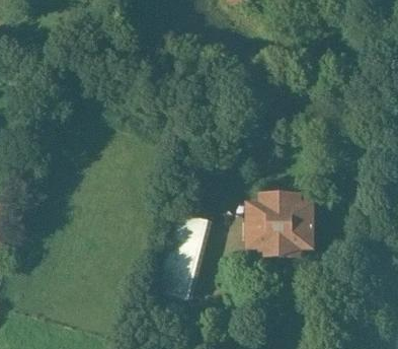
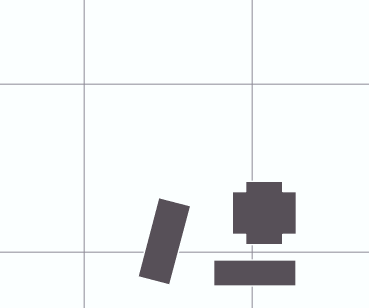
building: none -> [214,260,296,286]

